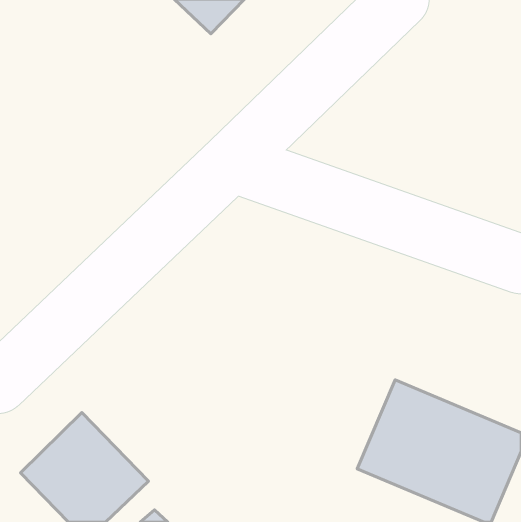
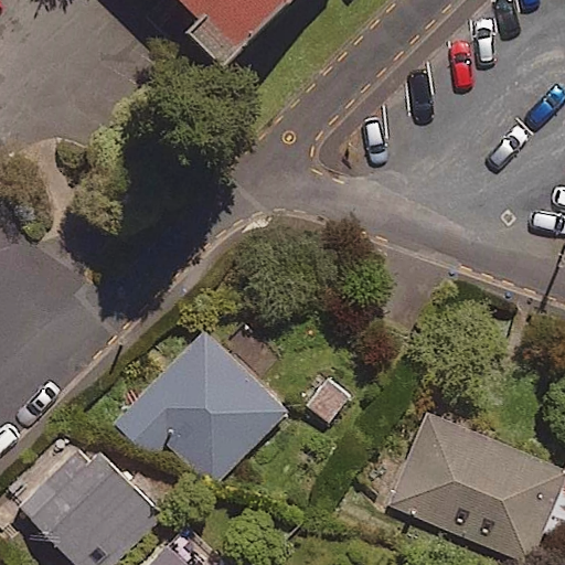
building: none -> [114,331,286,487]

